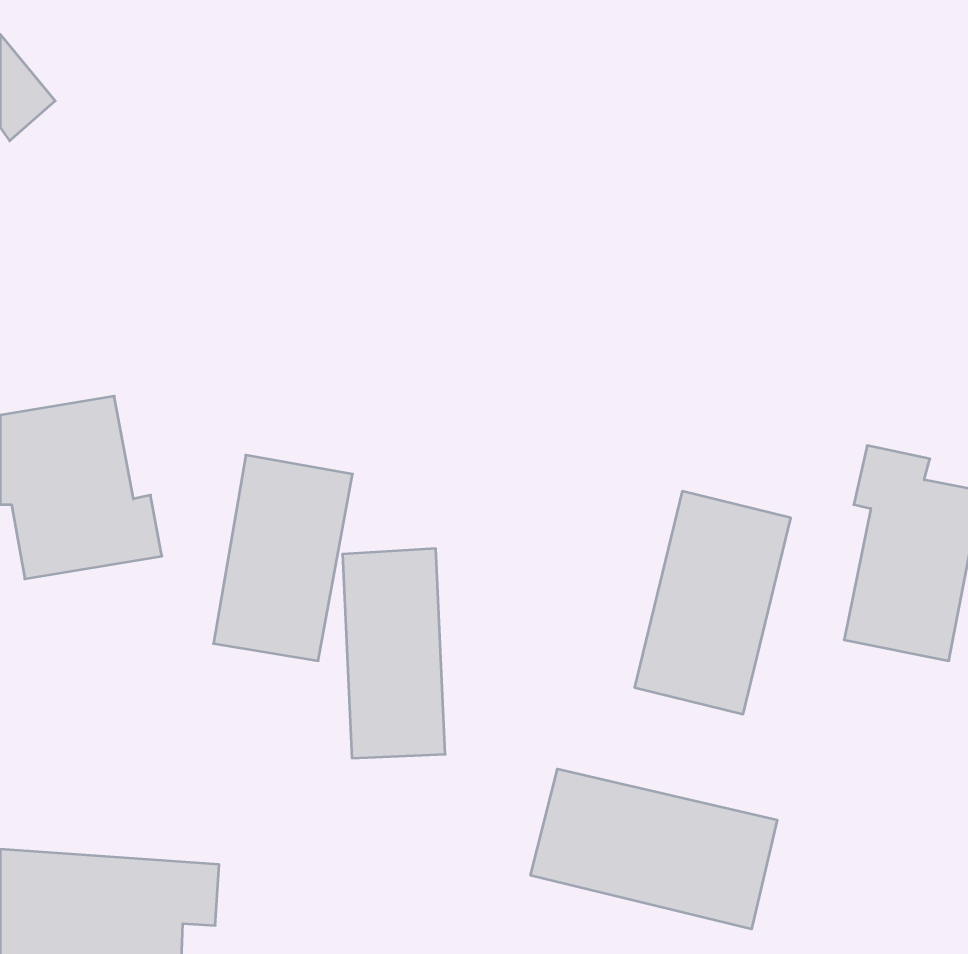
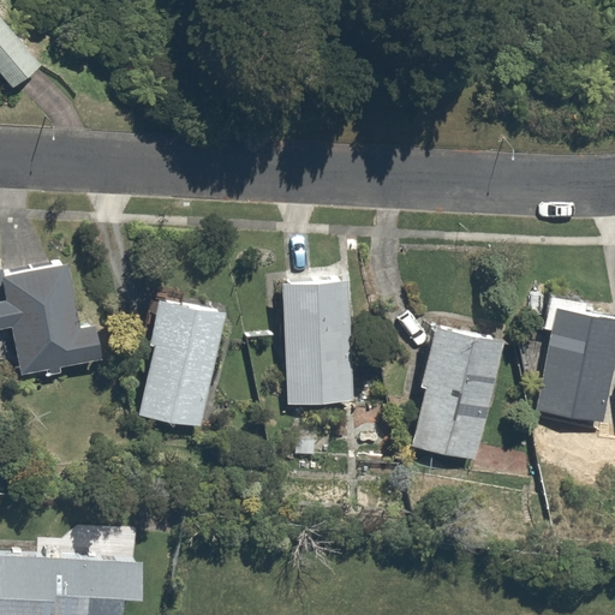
building: [342,549,445,758] -> [282,276,347,408]
building: [531,769,777,929] -> none

